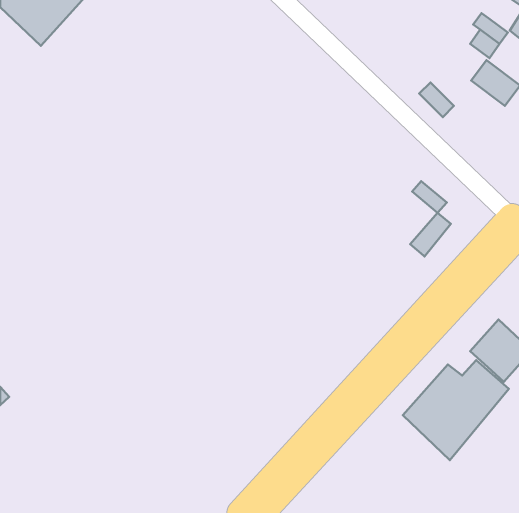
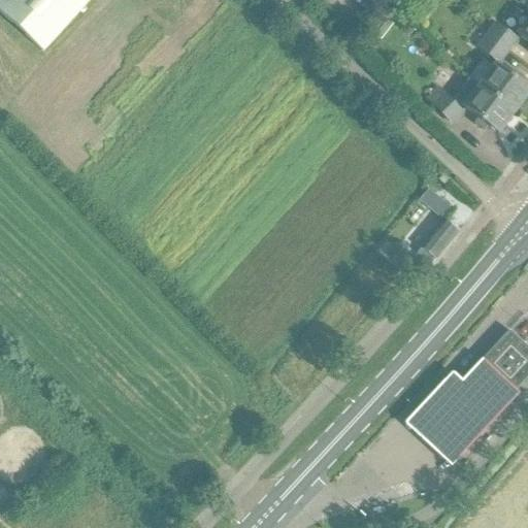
building: none -> [454,75,513,128]

